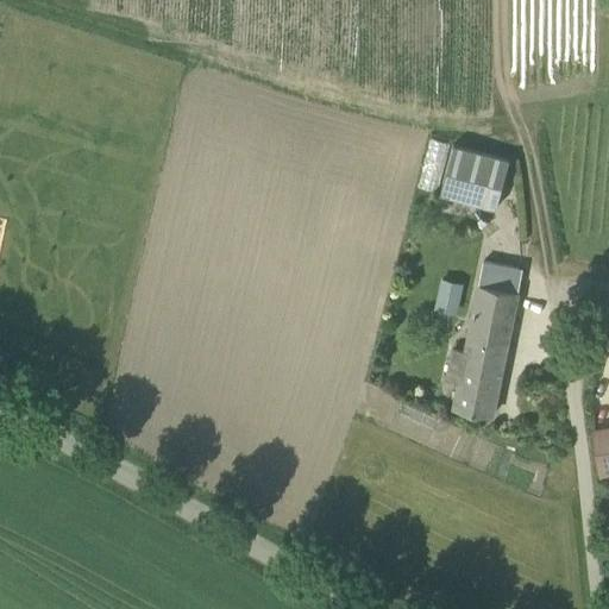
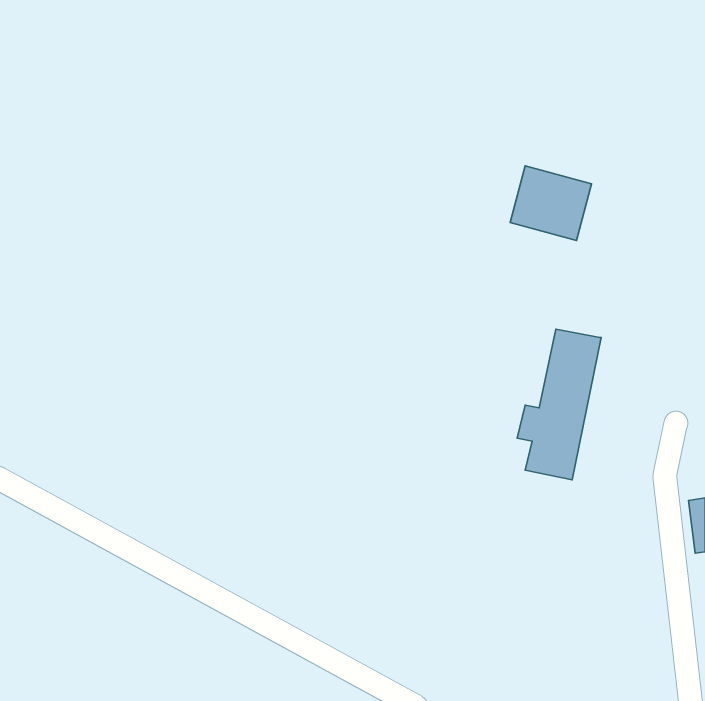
building: [482,265,522,287] -> none
building: [435,281,464,316] -> none

